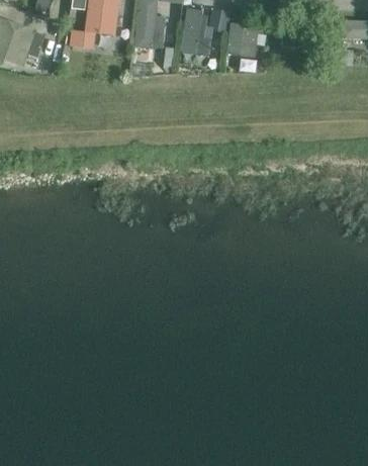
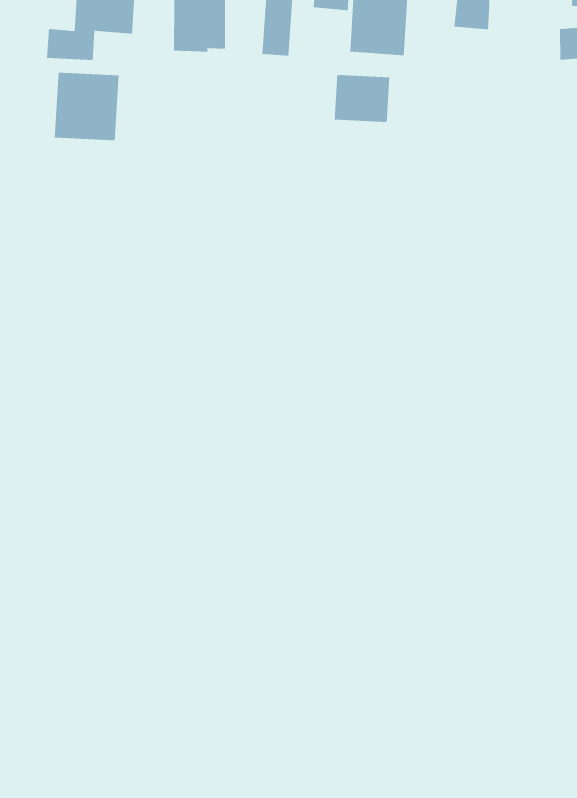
building: none -> [54,72,119,141]
building: none -> [334,74,390,123]

